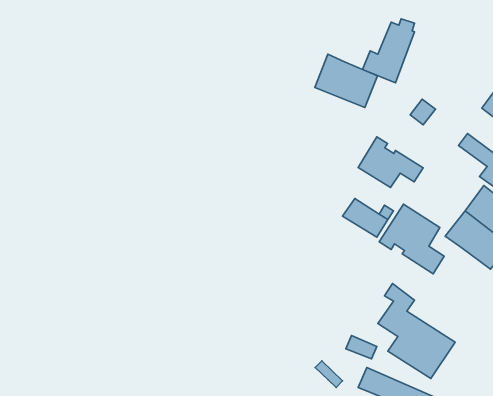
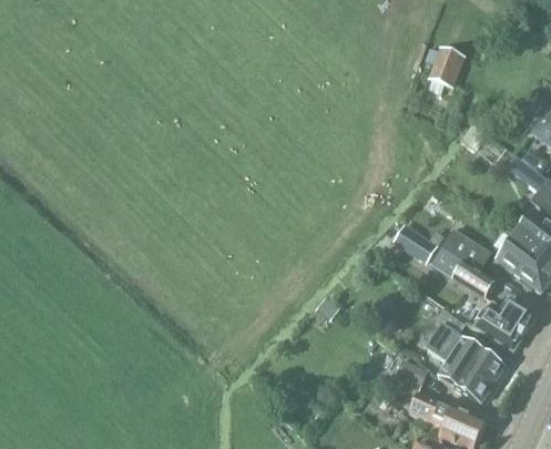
building: [315,54,377,107] -> none
building: [358,137,423,188] -> none
building: none -> [476,297,537,350]

